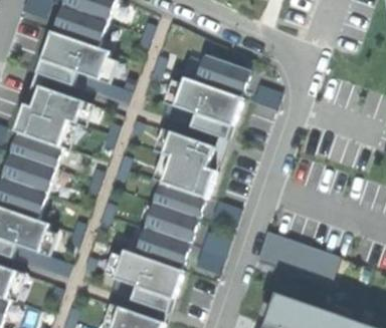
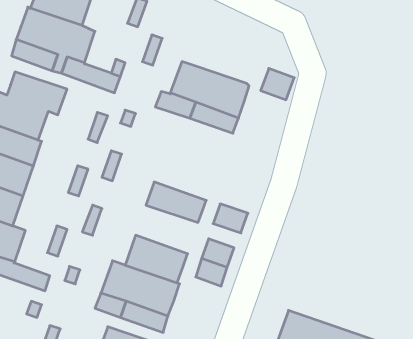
building: [196,53,249,95] -> none
building: [163,131,217,197] -> none
building: [144,201,198,243] -> none
building: [255,230,339,285] -> none

